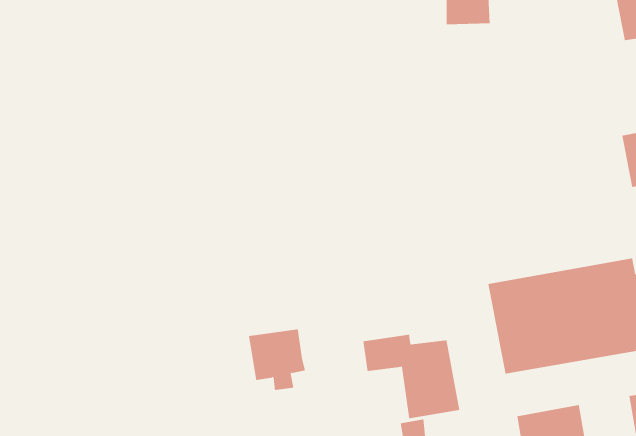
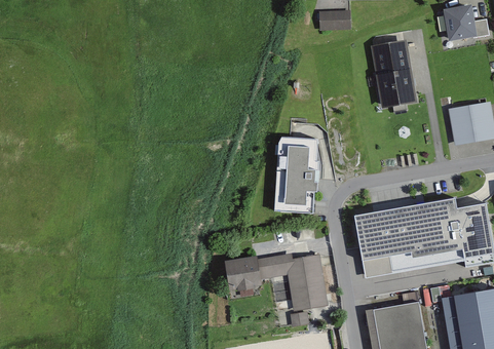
building: none -> [370,35,423,112]
building: none -> [273,137,316,212]
building: [248,329,306,391] -> [226,256,267,300]

